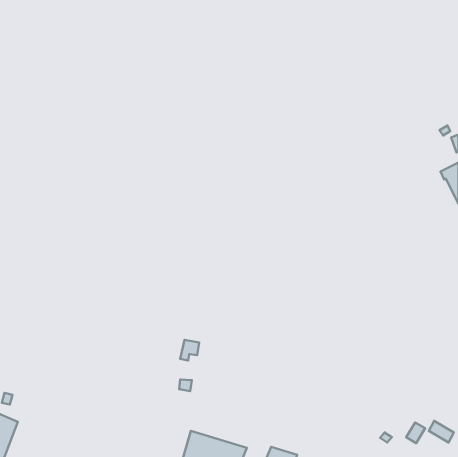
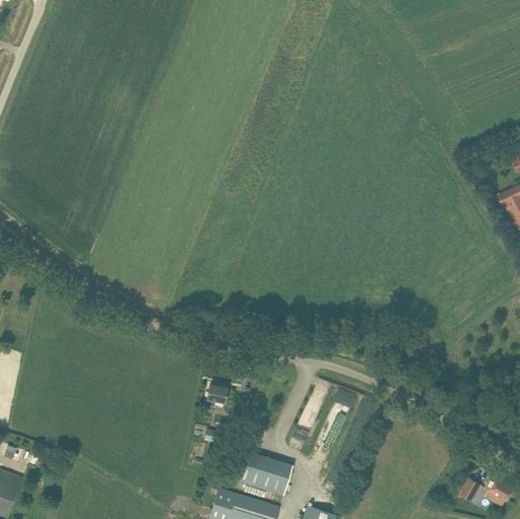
building: none -> [233,450,292,495]

